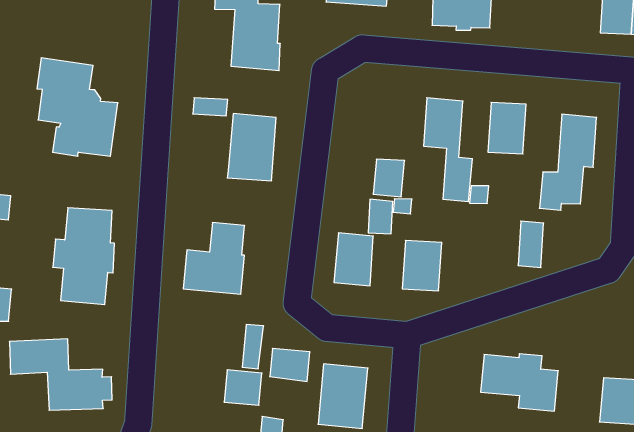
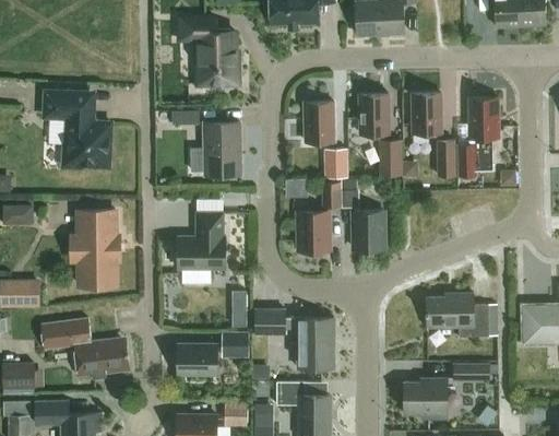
building: none -> [306,102,335,142]
building: [518,221,544,268] -> [437,141,456,177]
building: none -> [177,344,217,374]

